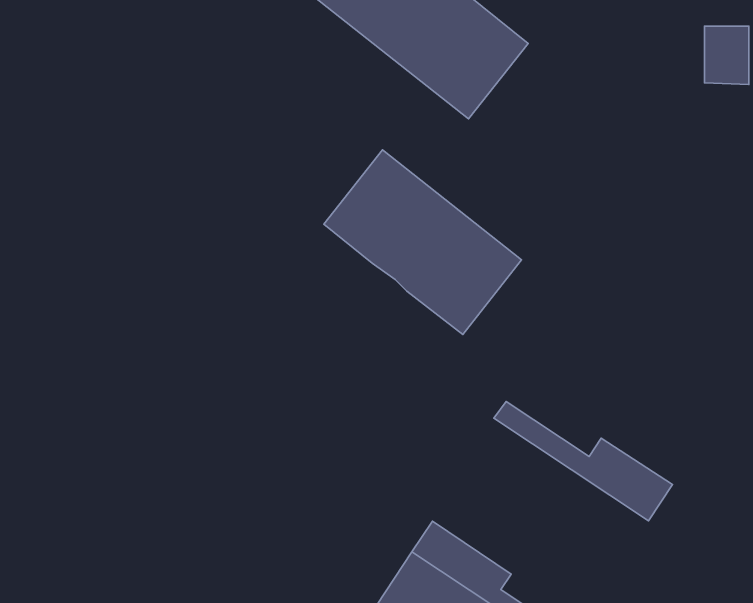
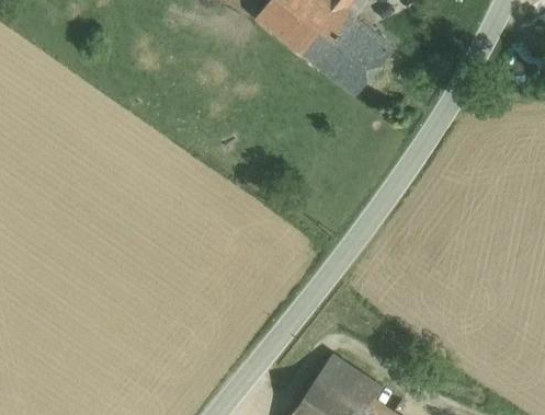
building: [324,150,521,334] -> none
building: [494,402,672,521] -> none

